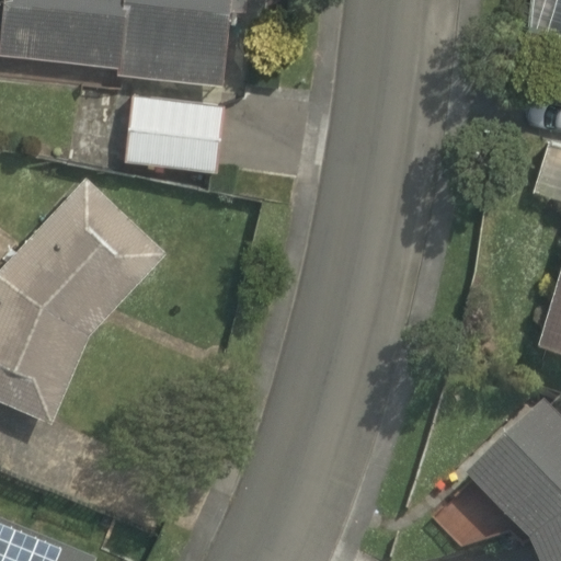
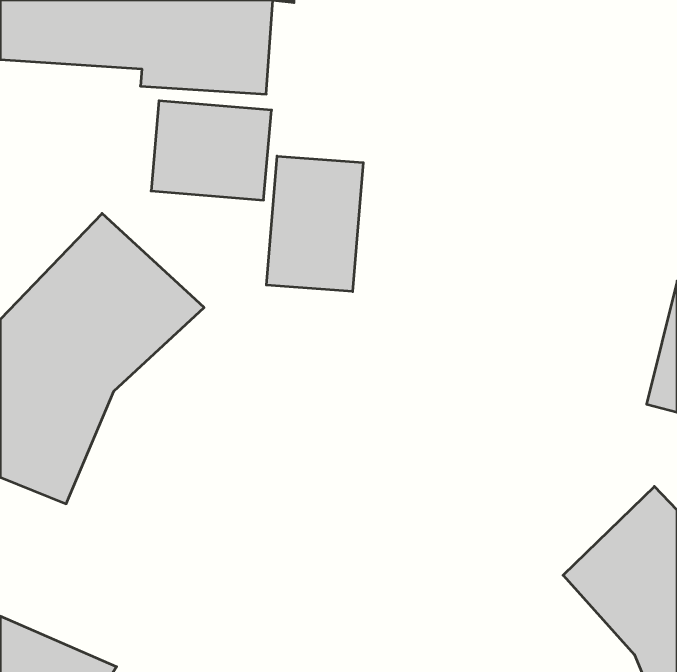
building: none -> [266,156,363,292]

